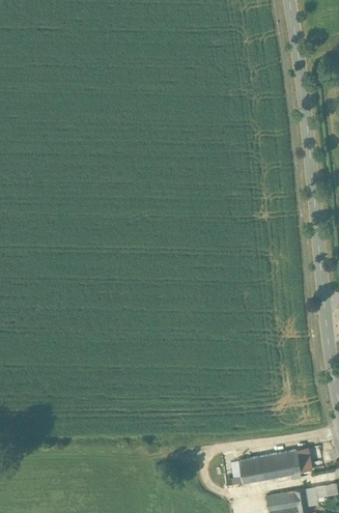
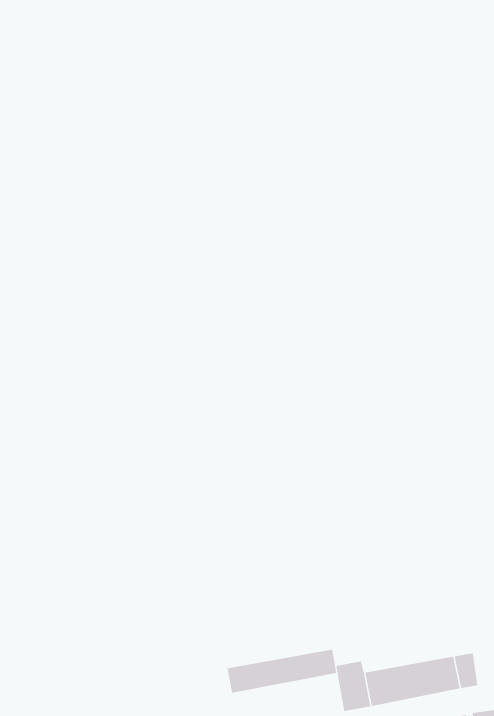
building: none -> [227,649,337,693]

